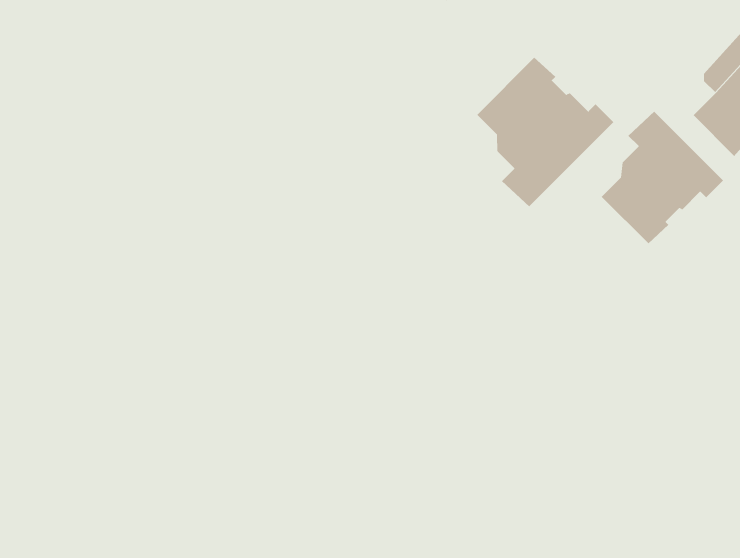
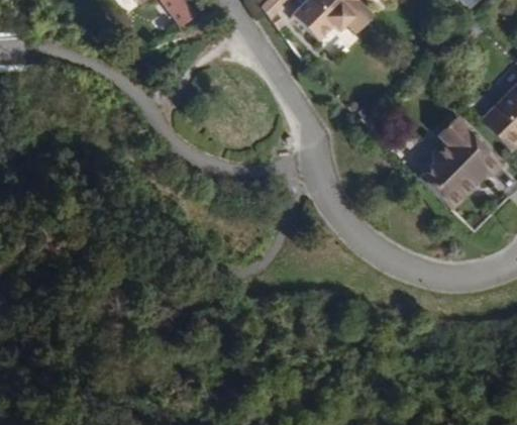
building: [476,57,614,207] -> none

